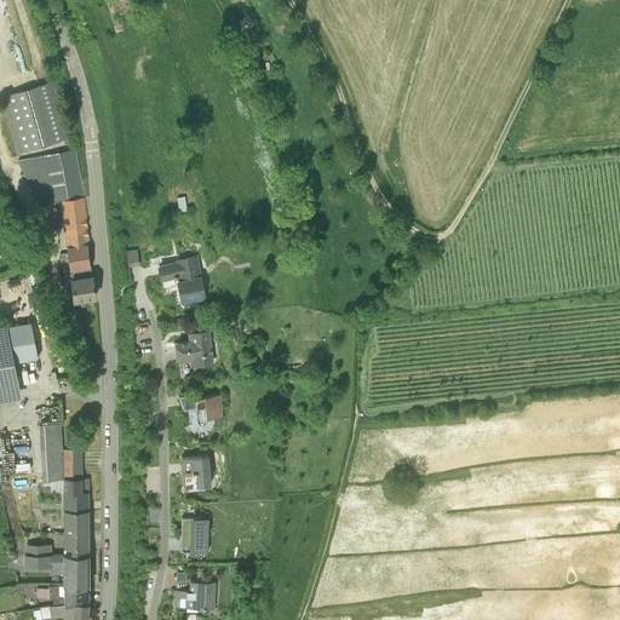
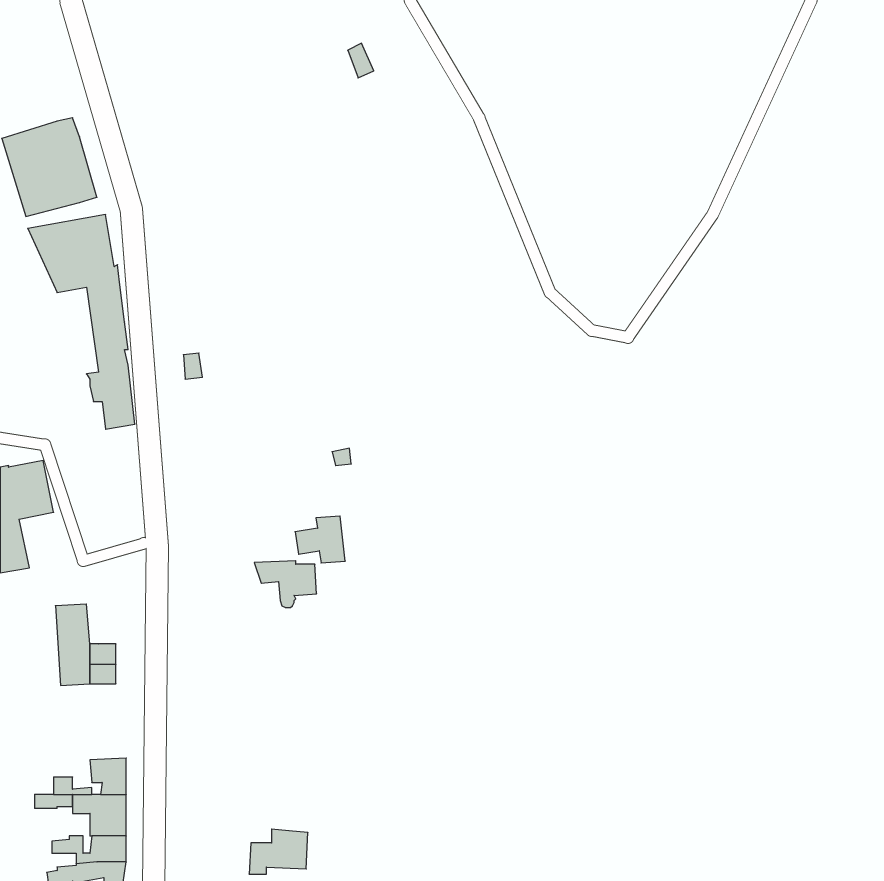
building: [157,257,205,302] -> none
building: [177,334,212,367] -> [295,516,345,563]
building: [182,458,211,488] -> none
building: [63,481,88,504] -> none
building: [63,511,88,534] -> none
building: [182,519,208,555] -> none

